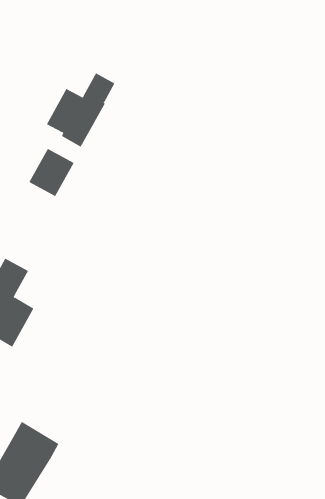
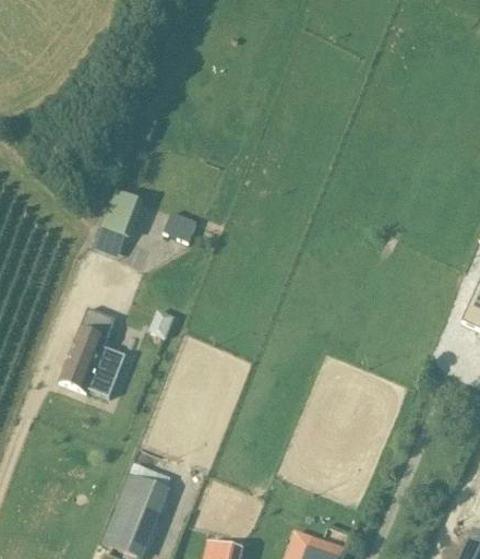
building: [46,72,115,147] -> none
building: none -> [164,211,197,241]

